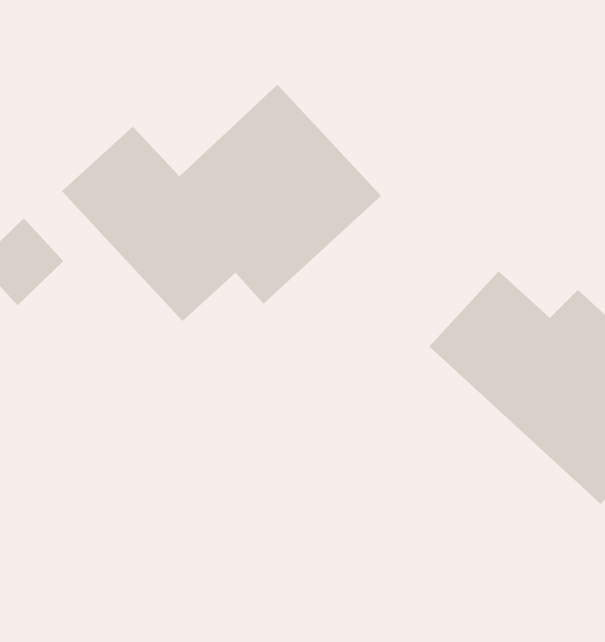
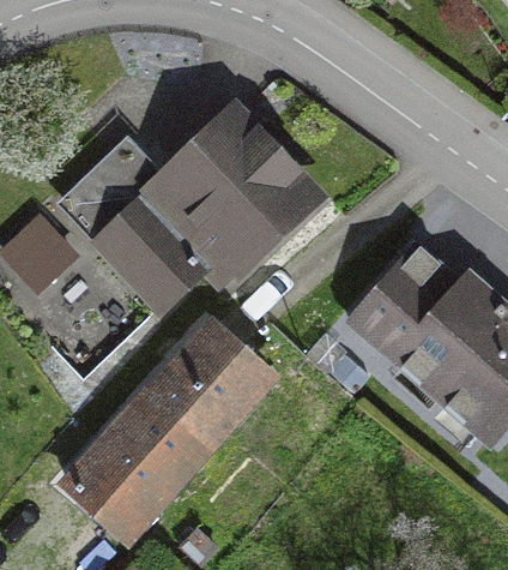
building: none -> [67,332,260,536]

